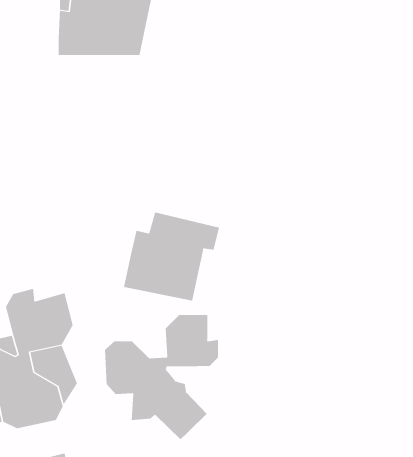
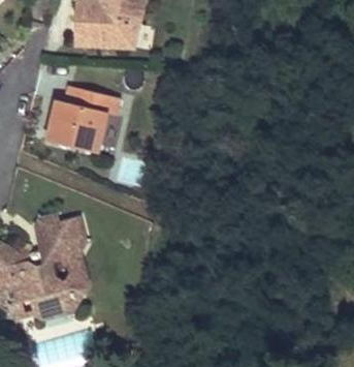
building: [123,212,220,301] -> [49,86,119,151]
building: [104,314,219,440] -> none

